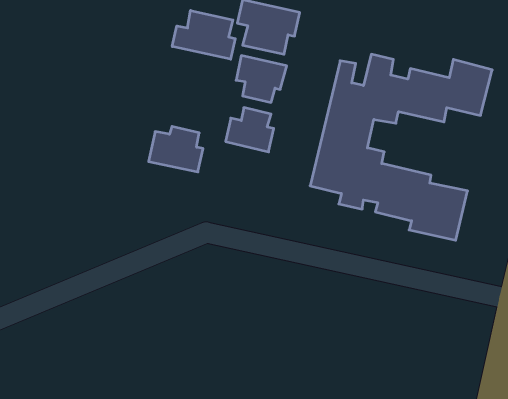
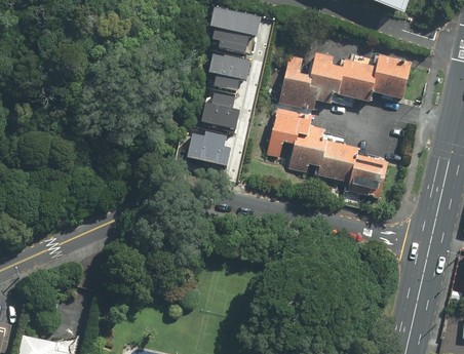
building: [172,10,235,59] -> none
building: [149,126,203,172] -> [187,128,230,164]

